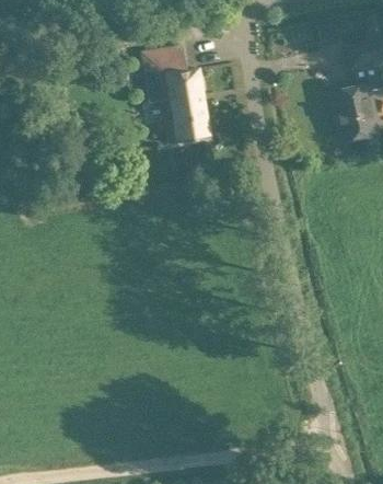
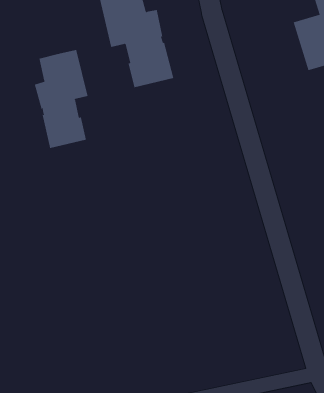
building: none -> [34,49,88,149]

